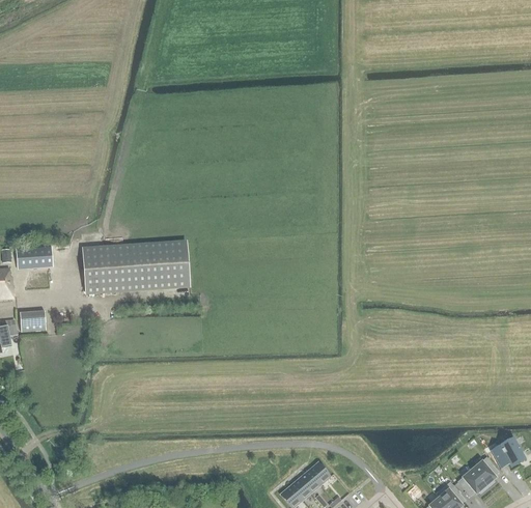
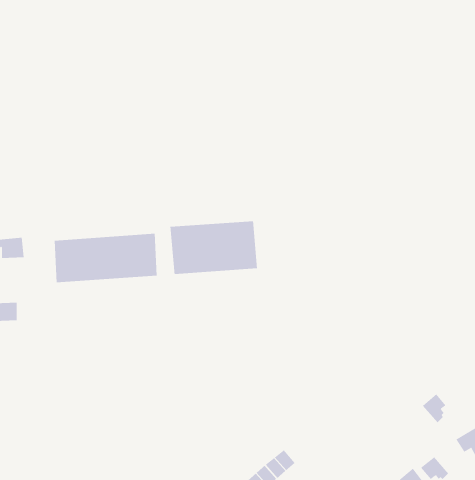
building: none -> [170,220,258,275]
building: [471,456,498,486] -> [422,394,449,423]

